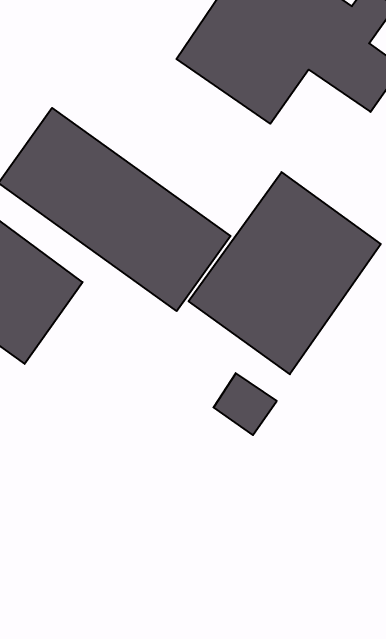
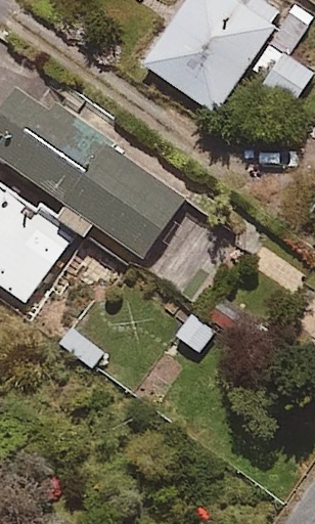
building: [189,172,381,374] -> none

